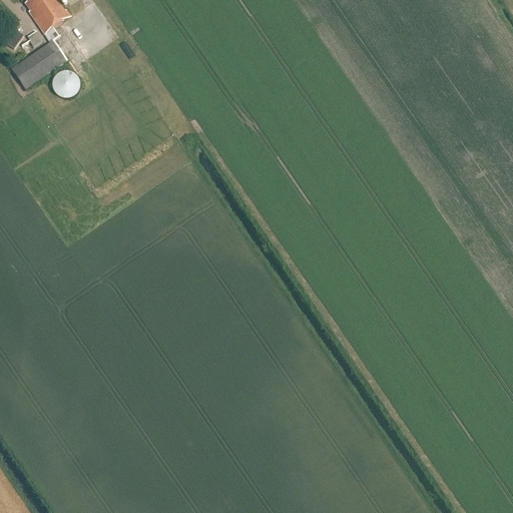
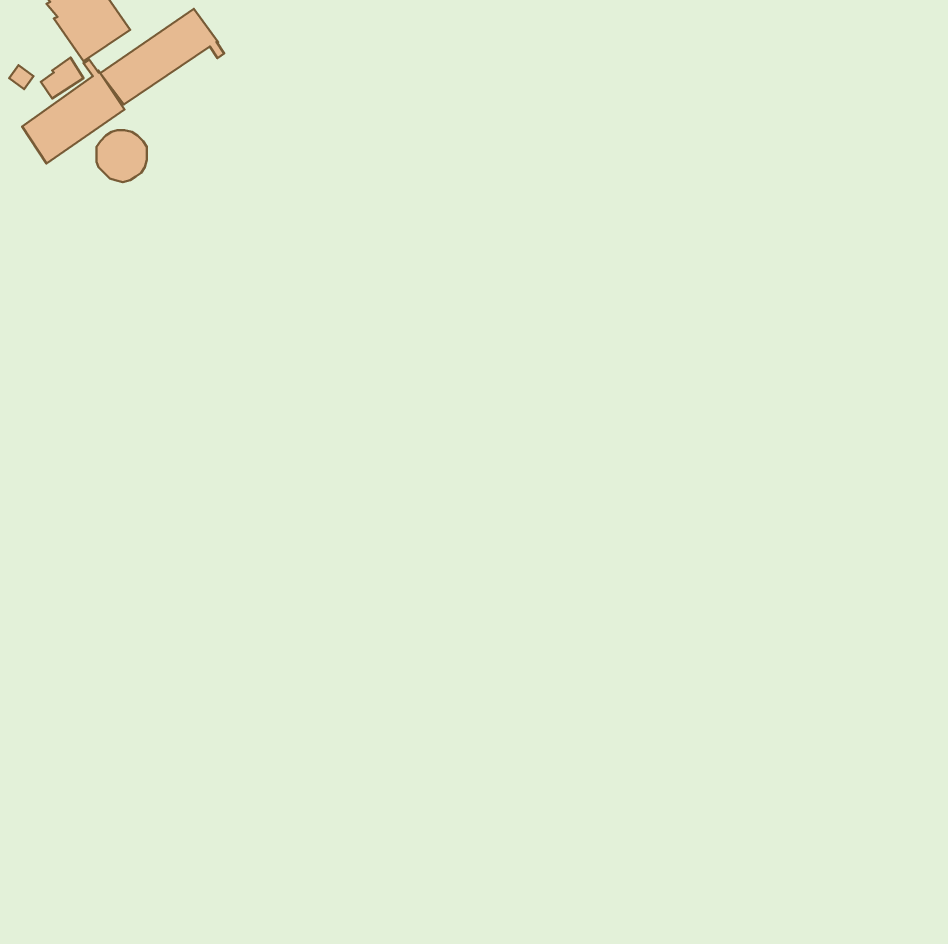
building: none -> [100,9,224,105]

